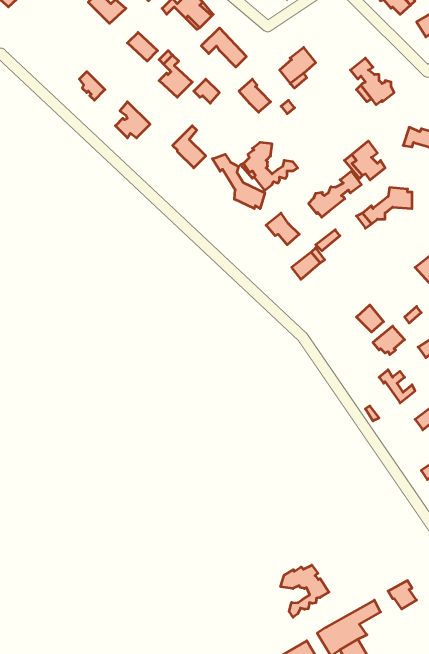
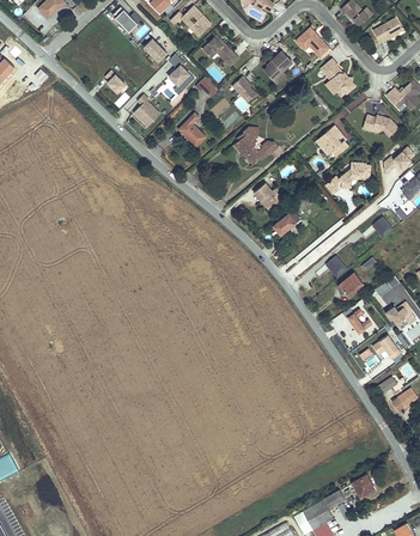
building: none -> [294,29,331,61]
building: [212,154,265,209] -> none
building: [309,171,361,217] -> none
building: [281,565,329,617] -> none

